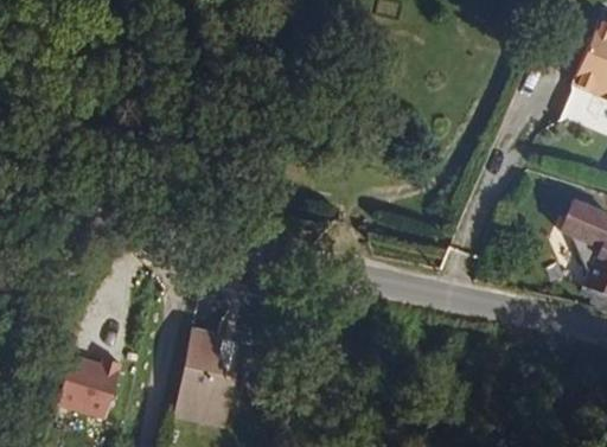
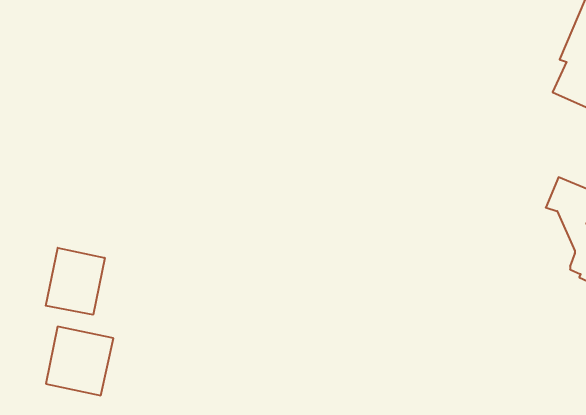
building: none -> [46,248,105,315]
building: [178,328,234,422] -> none

